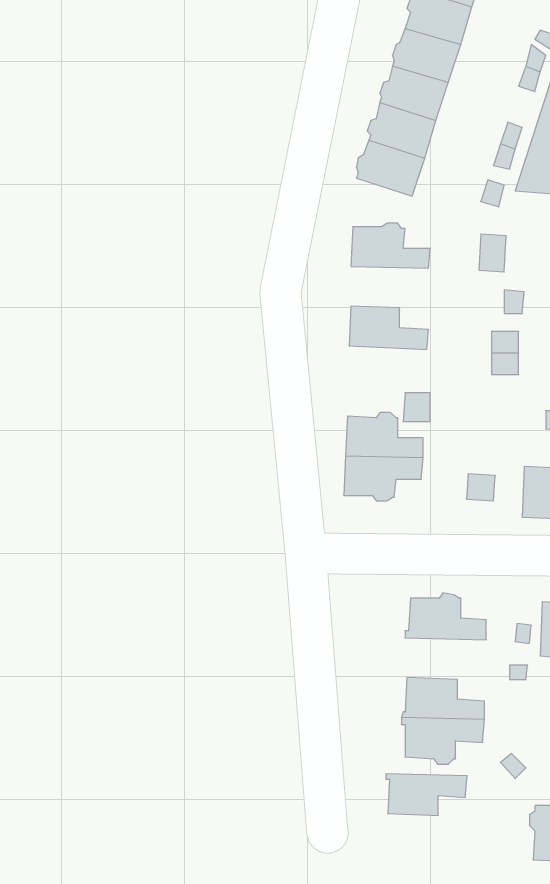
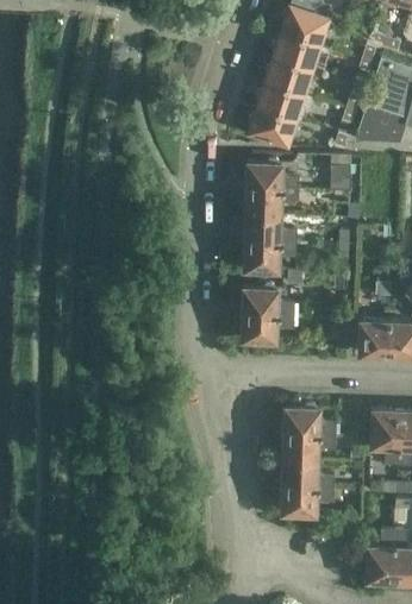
building: none -> [246,188,298,215]
building: none -> [244,240,296,269]
building: [386,774,467,815] -> [282,433,336,460]

